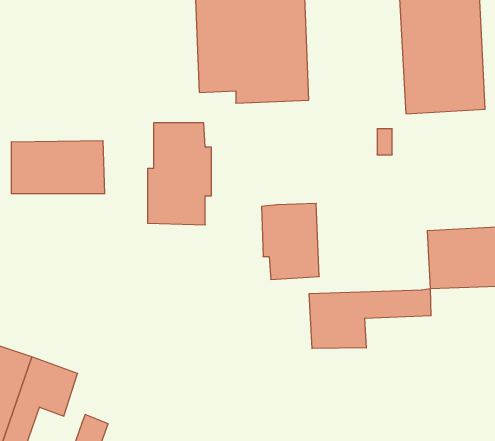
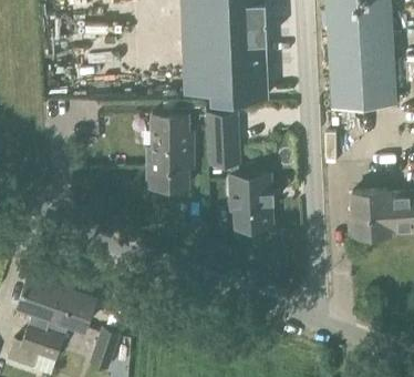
building: none -> [208,116,241,177]
building: [11,141,105,194] -> none
building: [309,289,431,349] -> none

